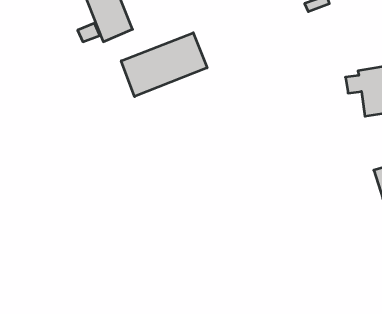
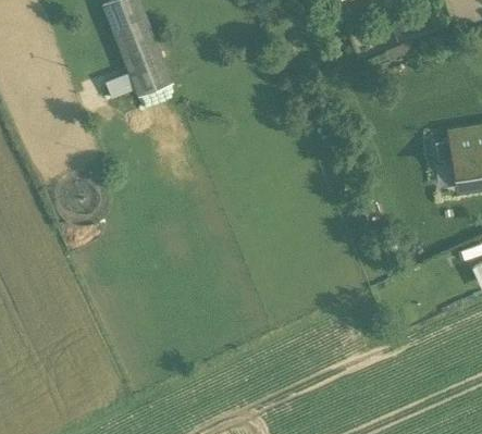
building: [121,33,207,97] -> none

